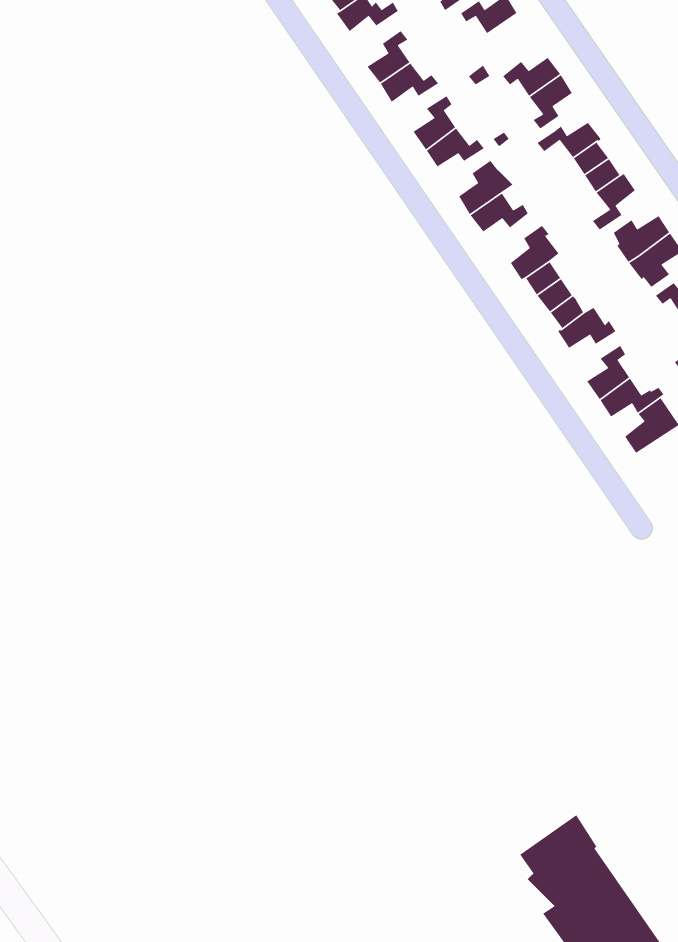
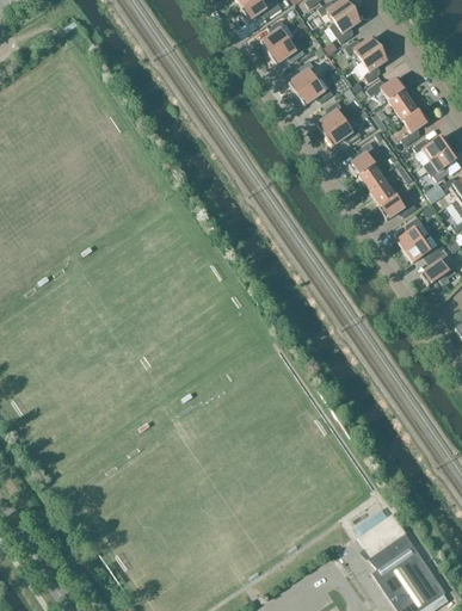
building: none -> [329,8,363,42]

